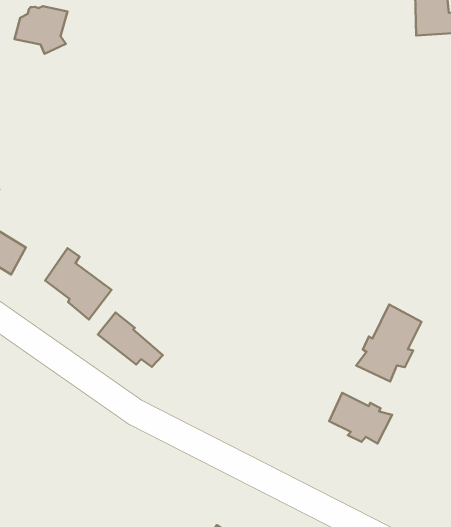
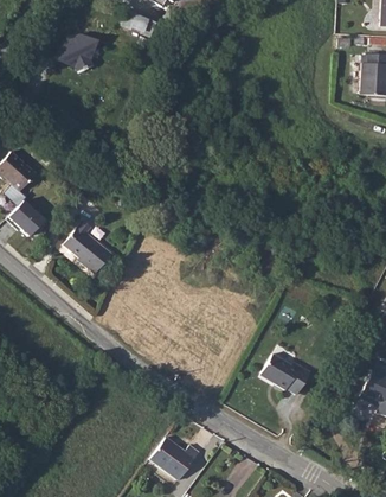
building: [356,305,422,382] -> none
building: [98,313,163,367] -> none

